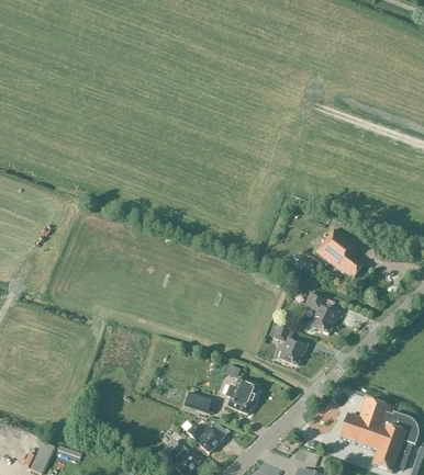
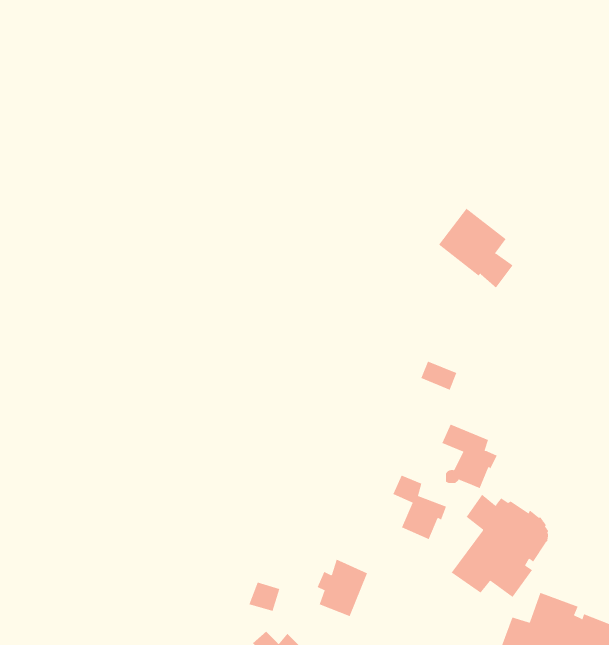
building: [316,227,364,278] -> [438,208,514,288]
building: none -> [451,494,549,598]

